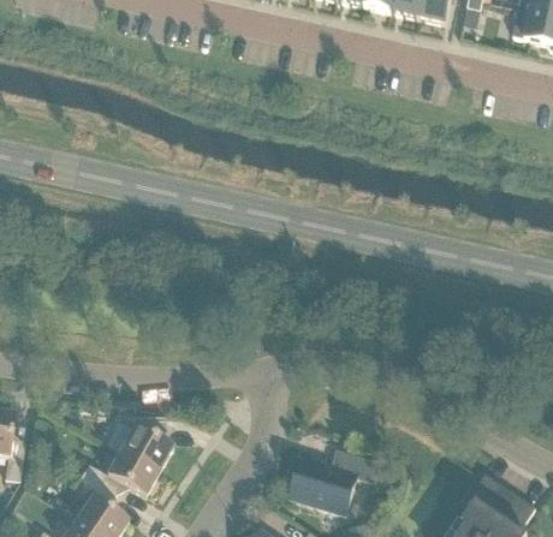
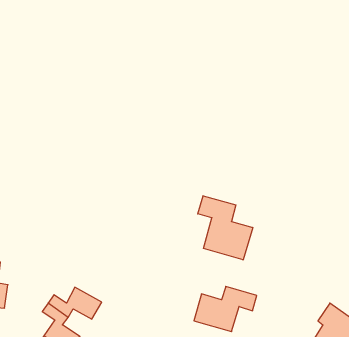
building: none -> [198,196,253,260]
building: [119,413,171,471] -> none

